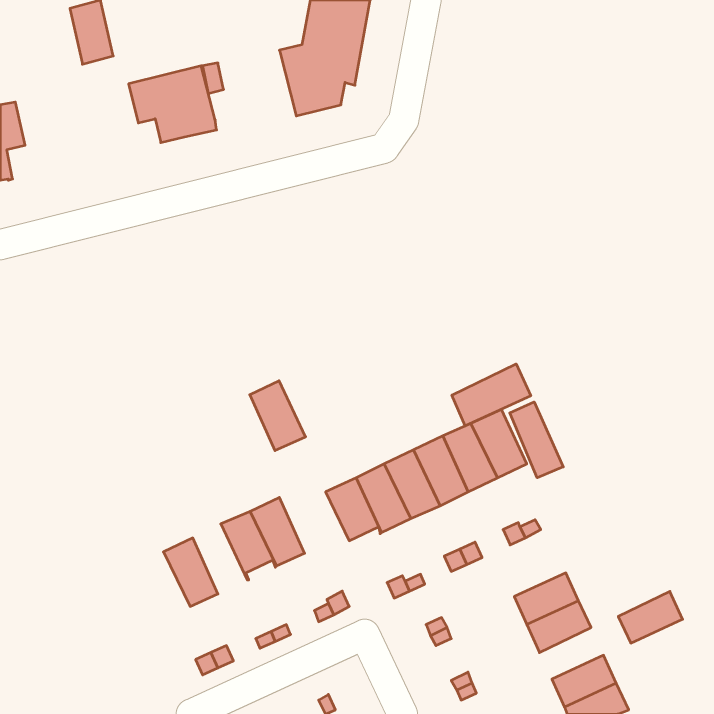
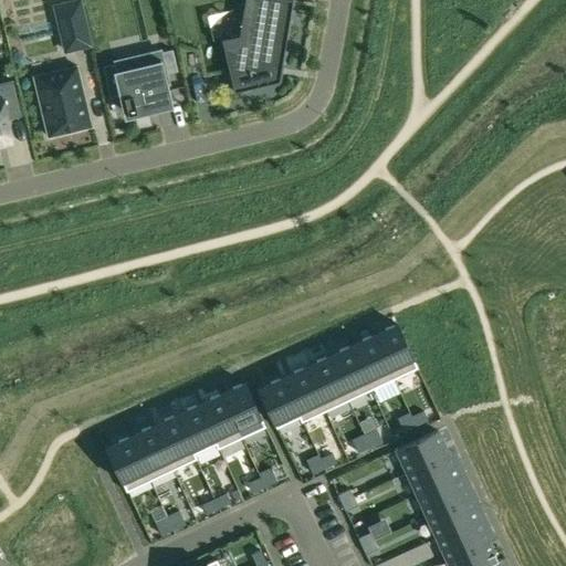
building: none -> [33,66,91,136]
building: [452,364,531,426] -> none
building: [250,381,306,451] -> [221,382,265,438]
building: [510,402,563,478] -> none
building: none -> [153,415,196,470]
building: none -> [396,431,448,472]
building: none -> [106,437,150,491]
building: [618,591,683,643] -> [427,496,478,537]

